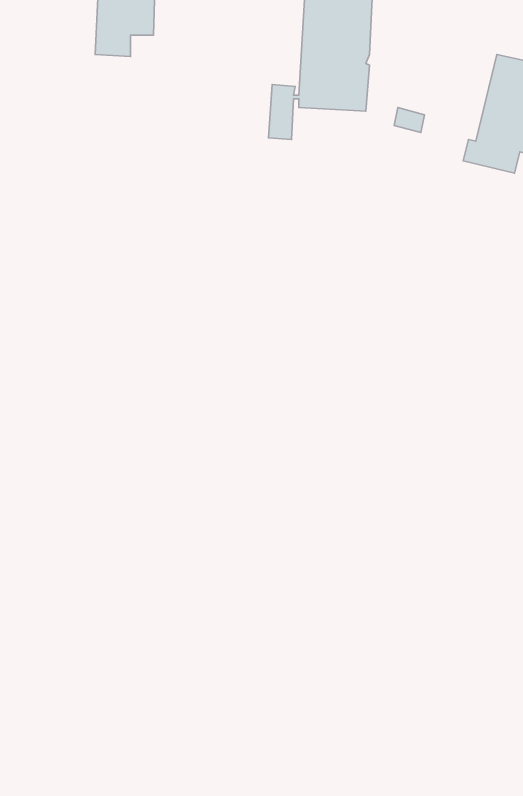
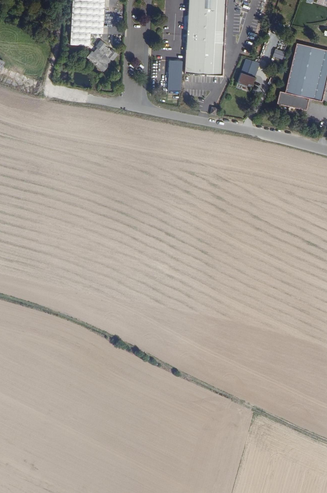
building: none -> [89,40,118,68]

